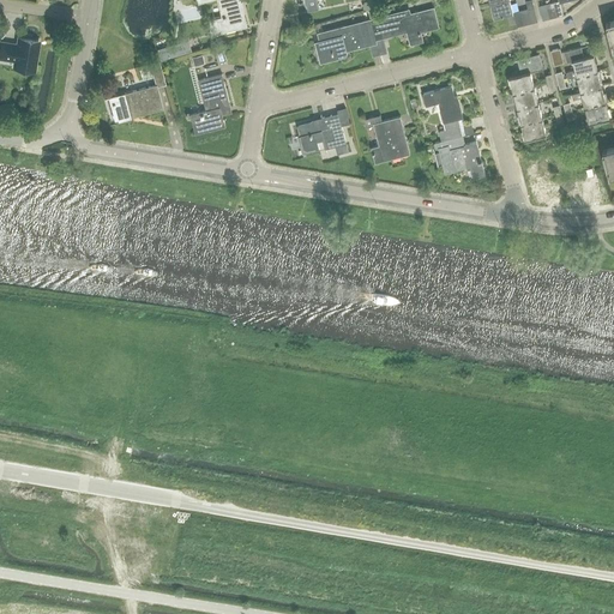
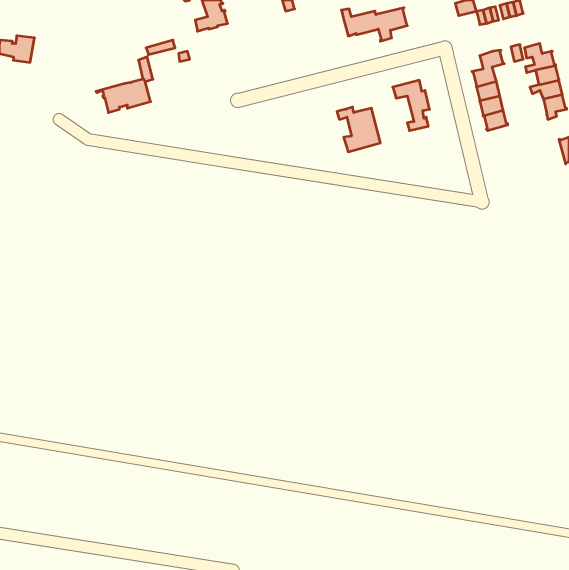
building: [315,20,377,62] -> none
building: [189,74,229,133] -> none
building: [296,114,348,155] -> none
building: [433,136,483,177] -> none

